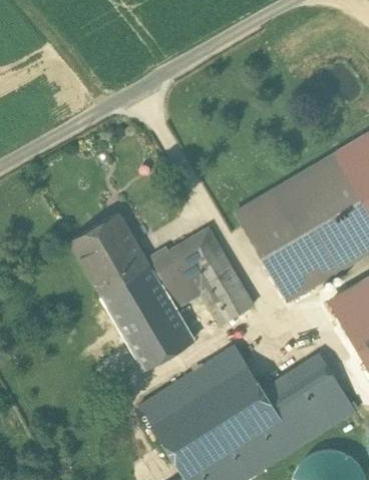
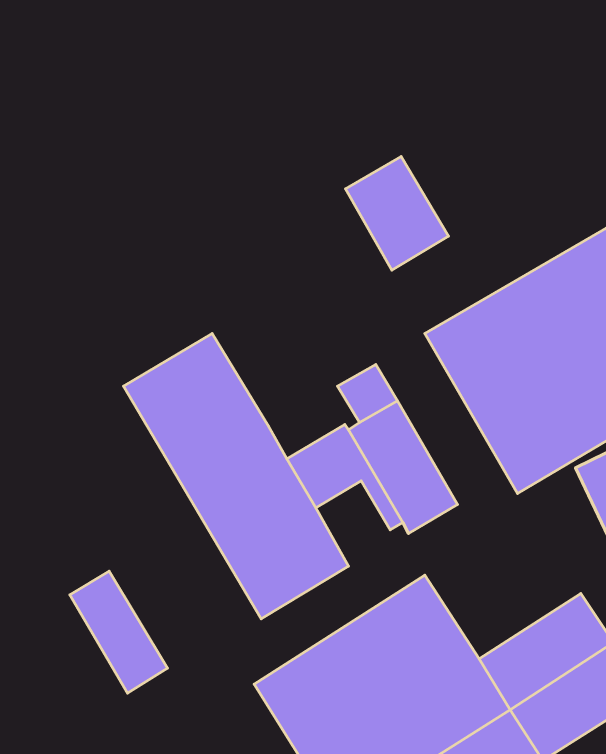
building: none -> [345,156,449,270]
building: [149,243,200,283] -> none
building: none -> [70,571,168,693]

